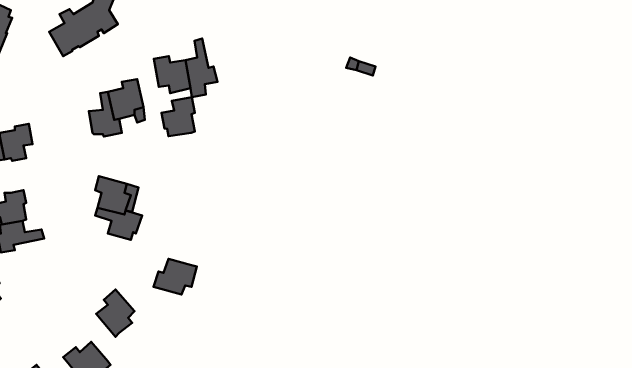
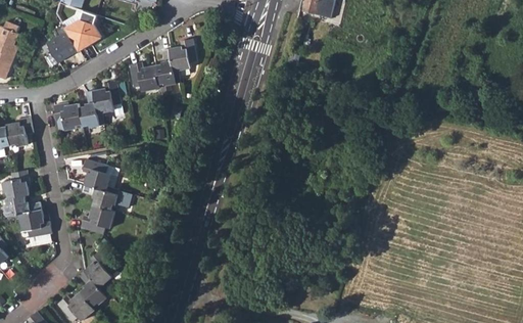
building: none -> [169,38,197,72]
building: [162,97,195,136] -> none
building: none -> [53,102,81,131]
building: none -> [17,209,51,236]
building: [153,259,197,295] -> [81,204,115,233]
building: none -> [79,269,110,307]

